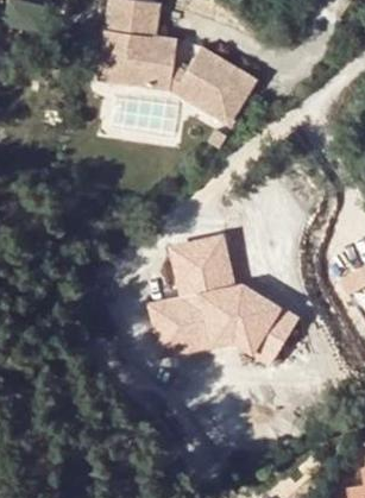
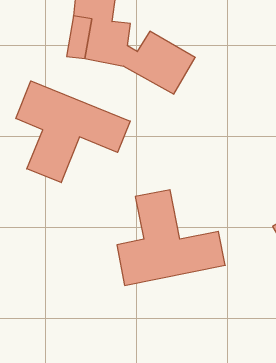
building: none -> [16,81,130,183]

